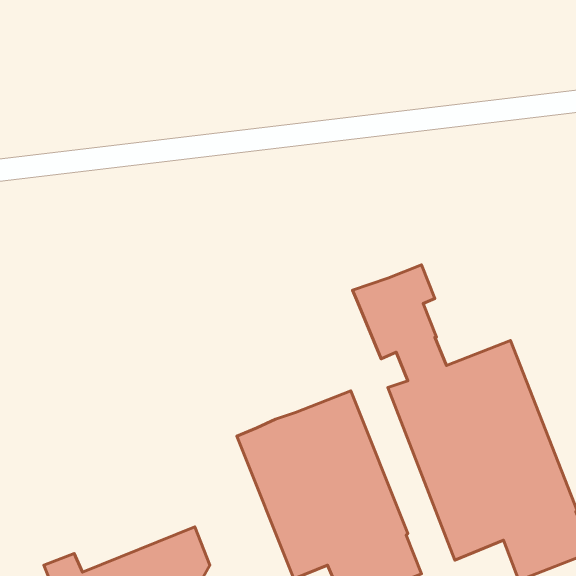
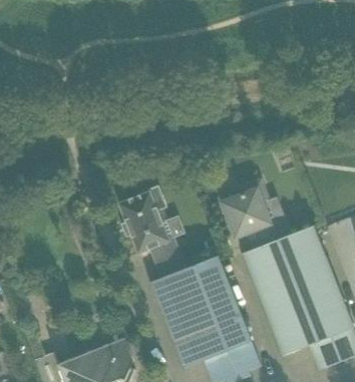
building: none -> [120,190,186,273]

